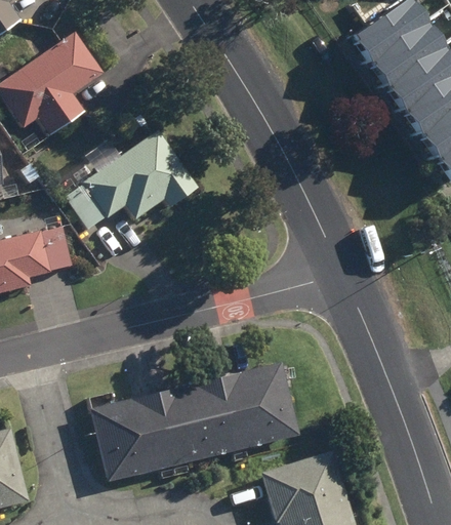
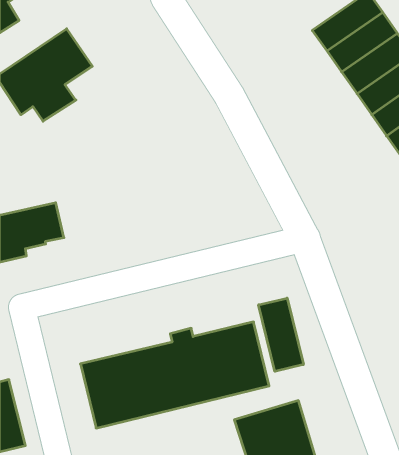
building: [65,132,199,231] -> none
building: none -> [259,298,303,371]

